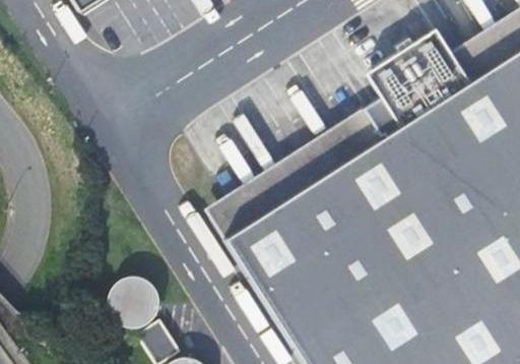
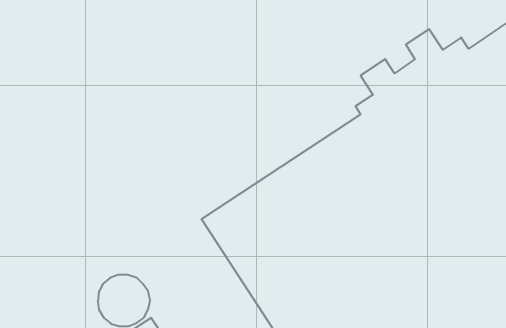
building: [368,29,440,79] -> none

